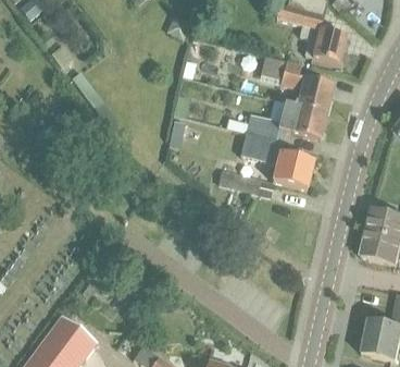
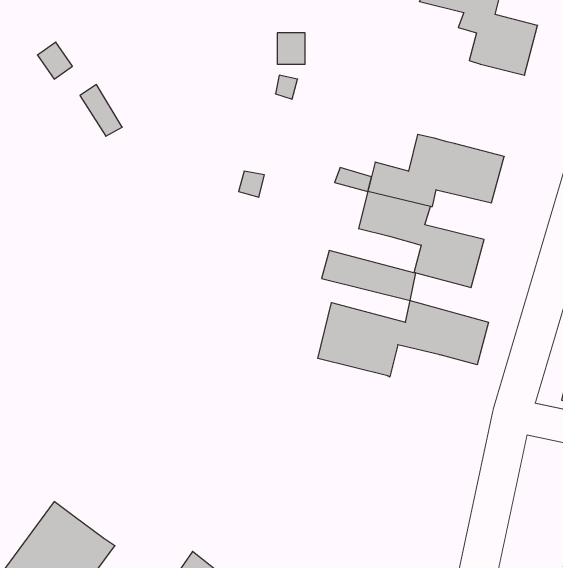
building: [261,56,333,111] -> none
building: none -> [318,300,488,377]

